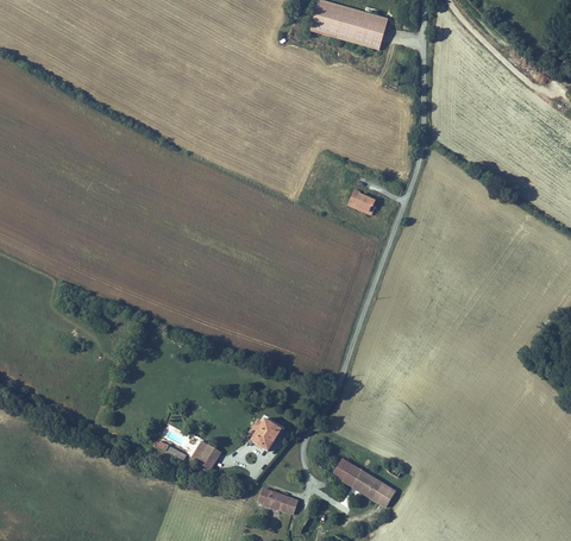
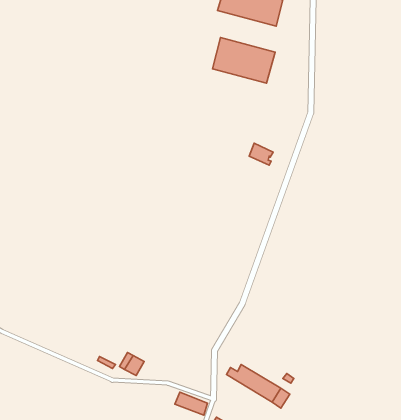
building: none -> [213,37,275,83]
building: [250,417,280,449] -> none

